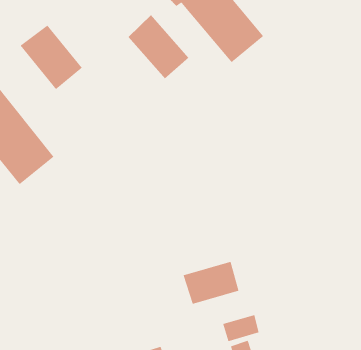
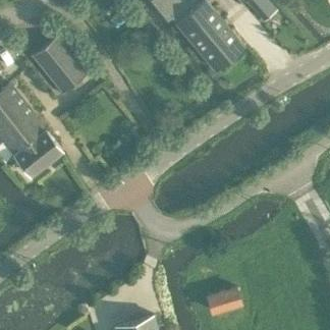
building: [127,14,190,79] -> none
building: [182,261,240,305] -> none

